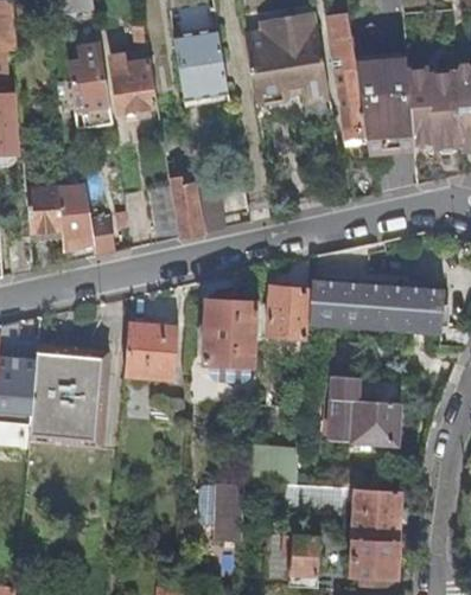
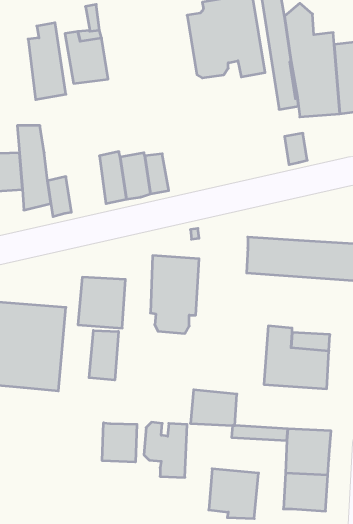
building: [173,27,229,102] -> none
building: [267,289,311,338] -> none
building: none -> [89,330,118,380]
building: none -> [102,423,137,462]

